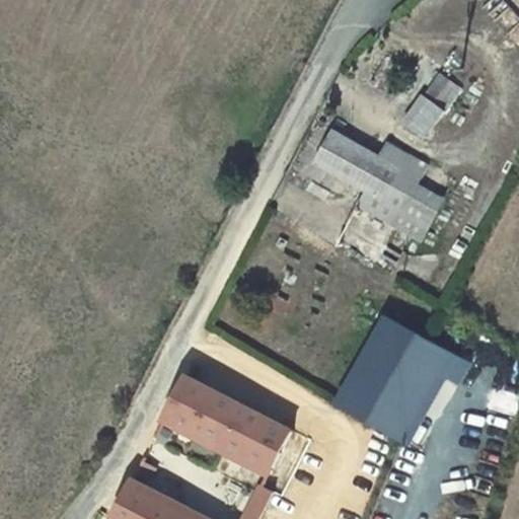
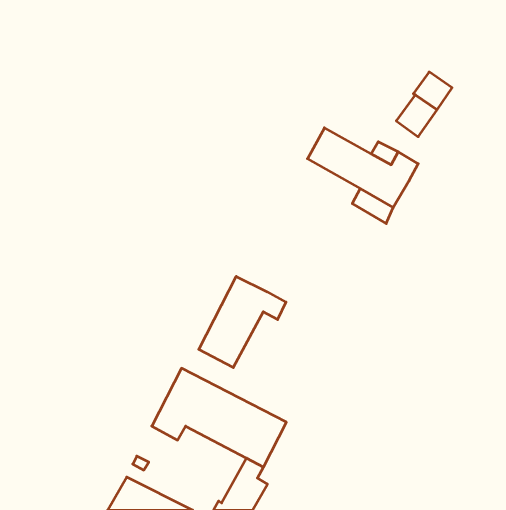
building: [392,183,440,241] -> none
building: none -> [199,276,286,368]
building: [336,317,468,441] -> none

